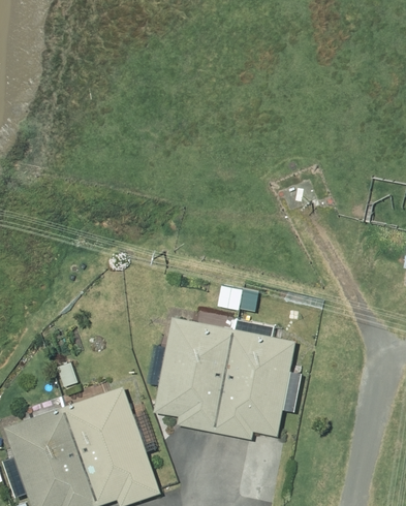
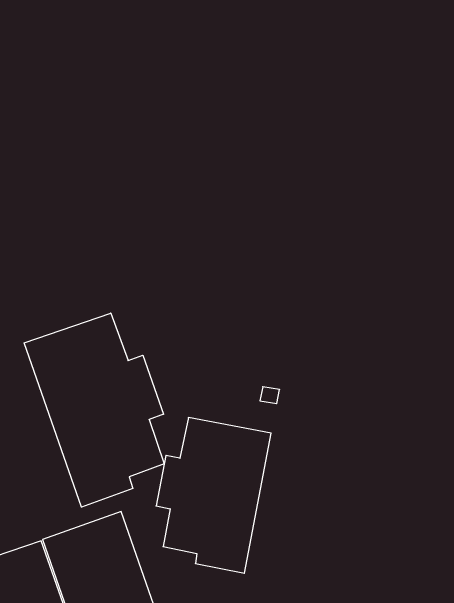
building: none -> [24,313,164,507]
building: [215,330,301,440] -> none

